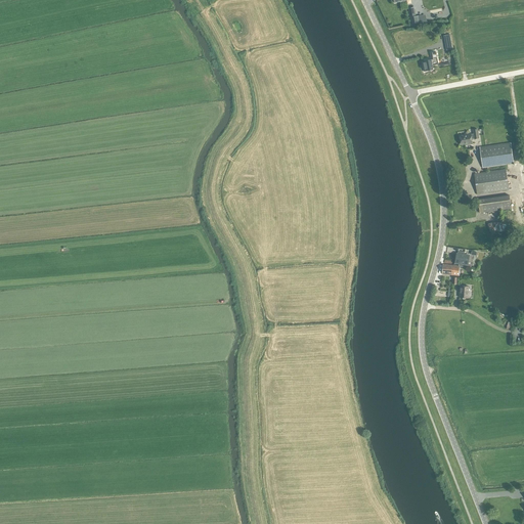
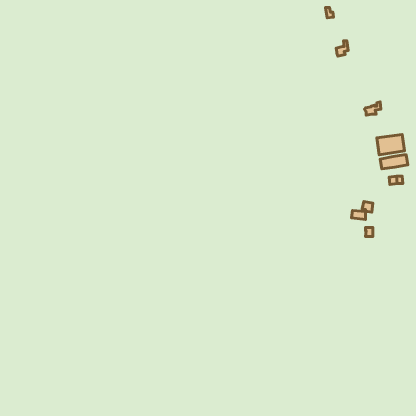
building: [479,142,513,167] -> none

